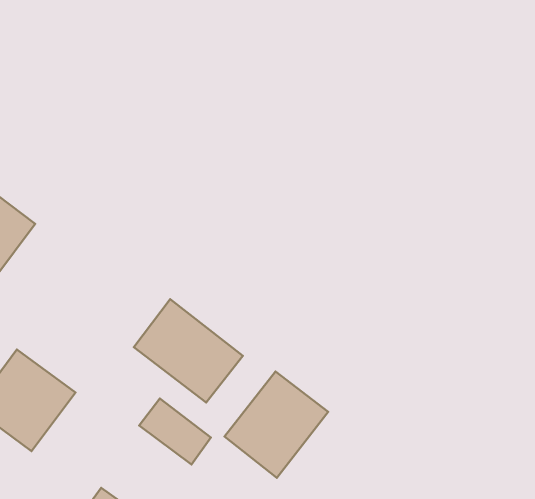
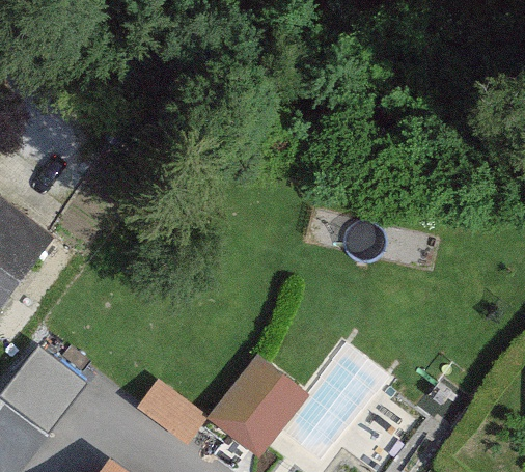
building: [134,299,243,403] -> none

